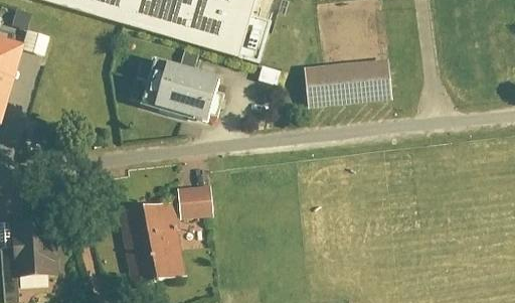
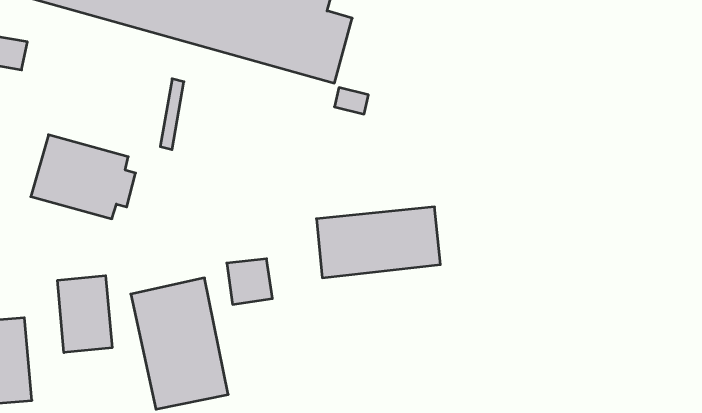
building: [305,58,389,107] -> [316,207,440,278]
building: [152,64,223,122] -> [31,135,136,219]
building: none -> [58,276,112,353]

